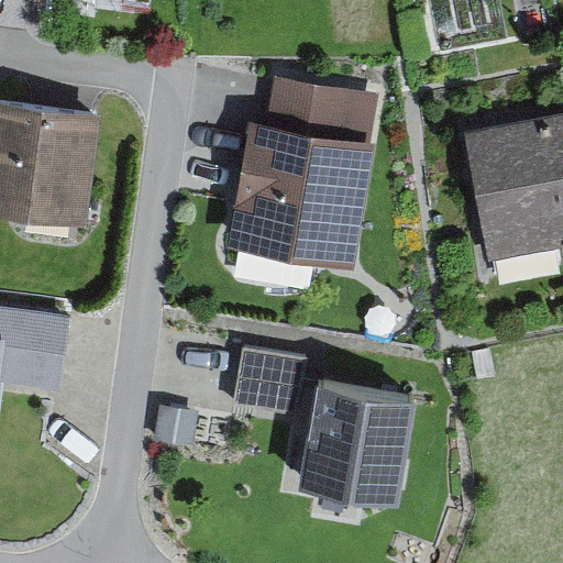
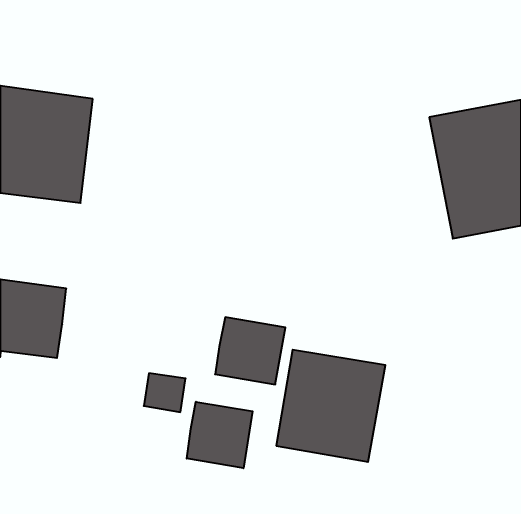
building: [227,81,379,269] -> none
building: none -> [187,402,253,468]

